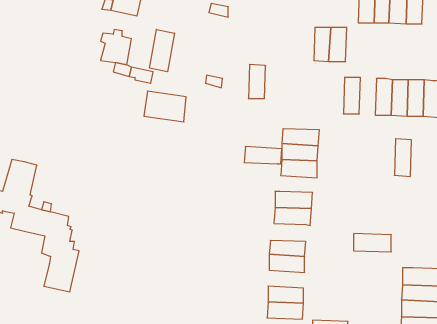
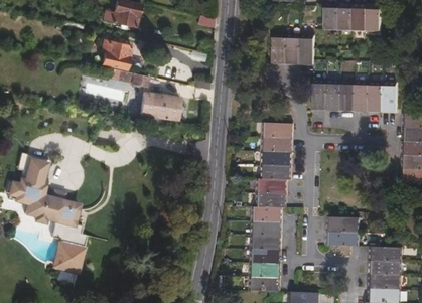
building: [150,29,174,72] -> none
building: [248,64,266,99] -> [275,34,290,64]
building: [394,139,411,176] -> [329,80,344,113]
building: [244,147,282,164] -> [259,166,292,181]
building: none -> [251,208,282,224]
building: none -> [323,233,358,248]
building: none -> [249,250,281,266]

